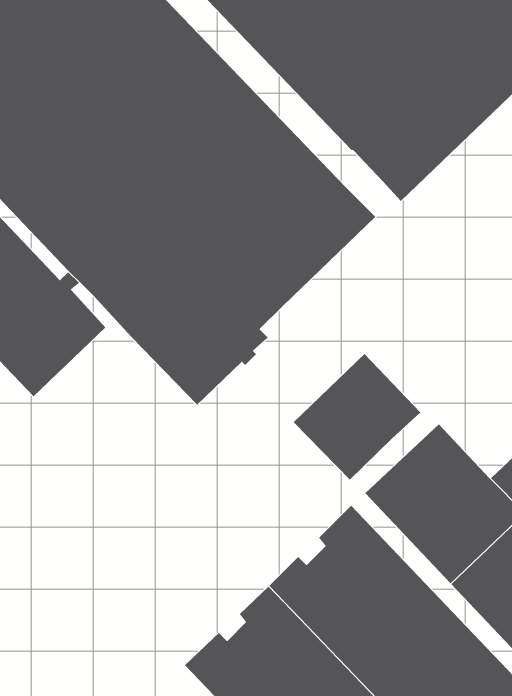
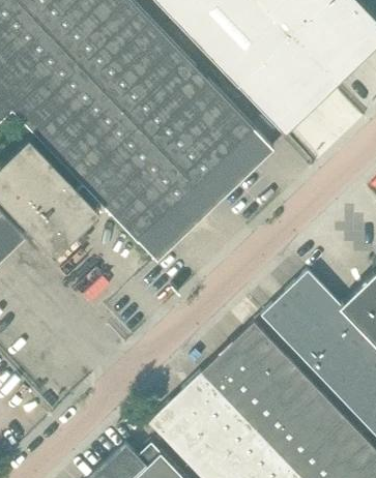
building: [293,353,421,480] -> none

